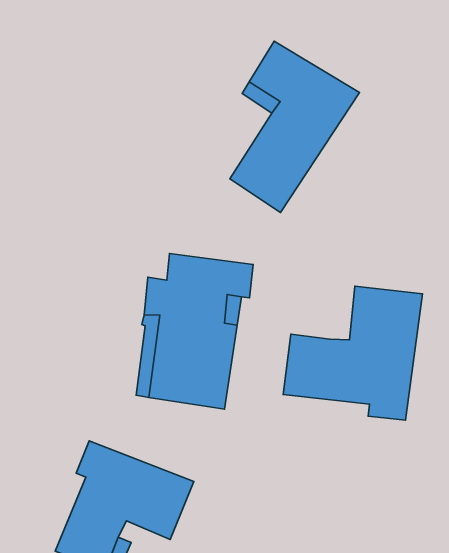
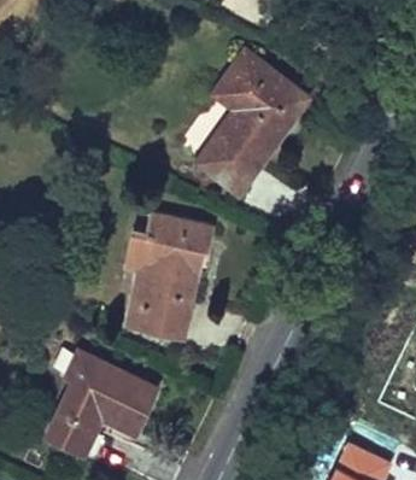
building: [283,286,422,420] -> none

